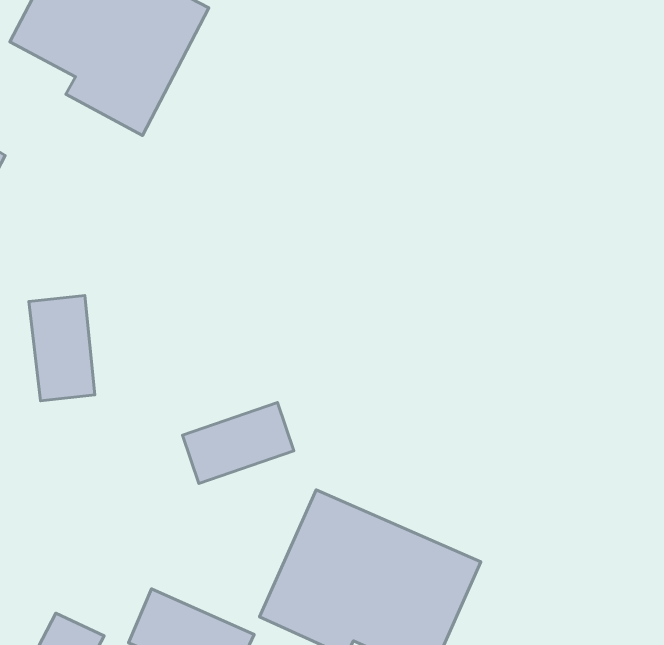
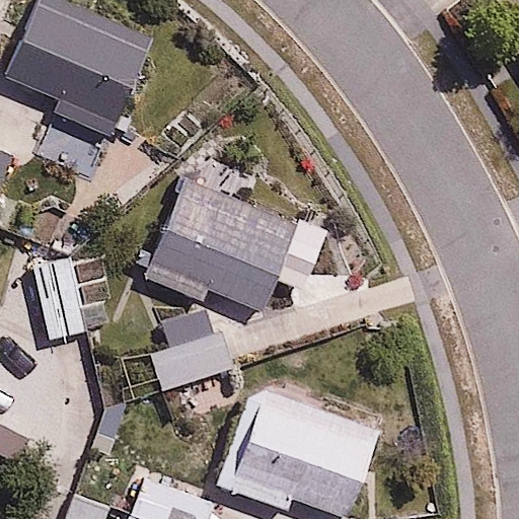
building: none -> [146,178,325,311]

